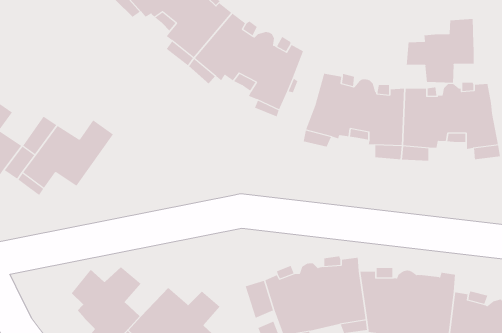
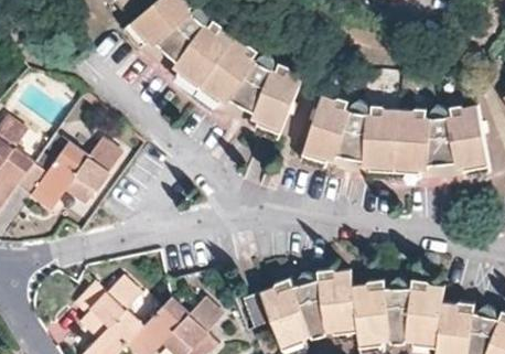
building: [406,18,474,83] -> none

